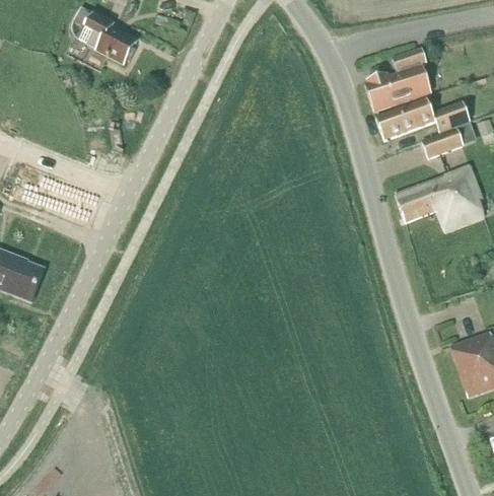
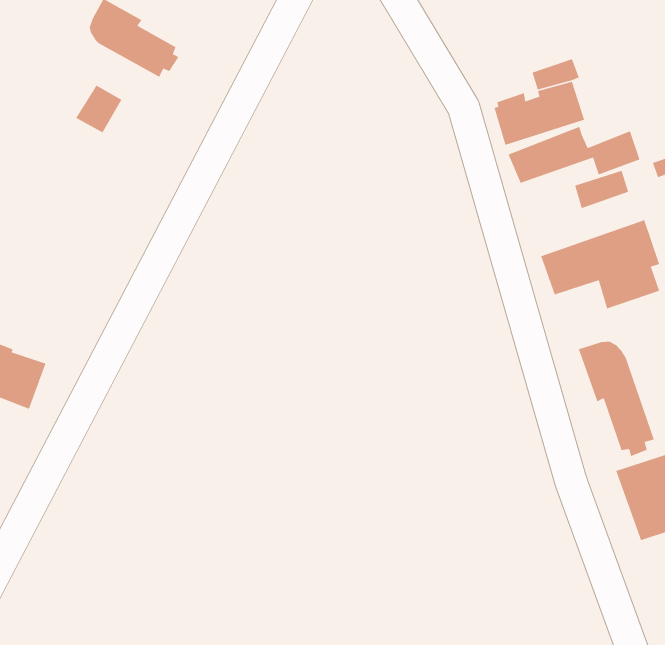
building: none -> [75,85,122,133]
building: none -> [578,341,655,457]

